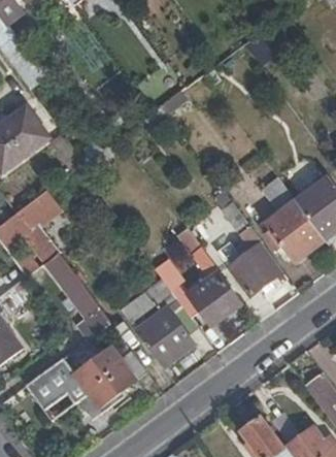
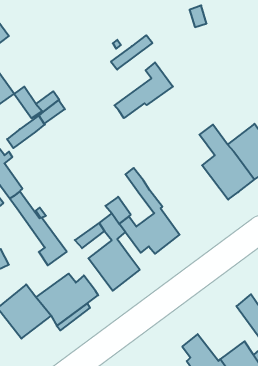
building: none -> [114,62,173,118]
building: [226,205,280,294] -> none

